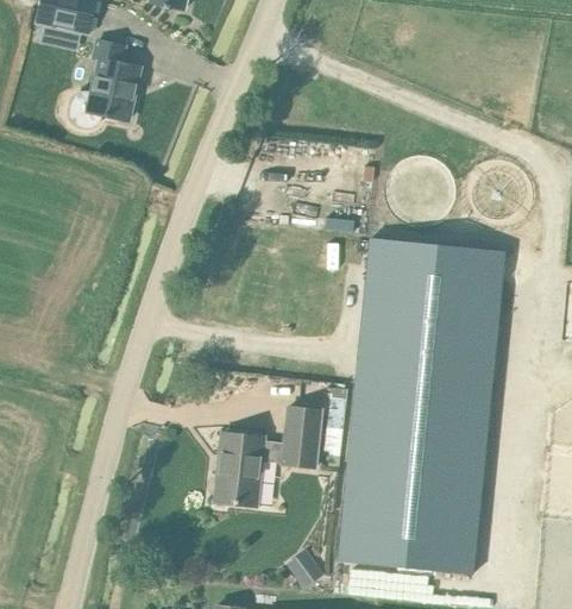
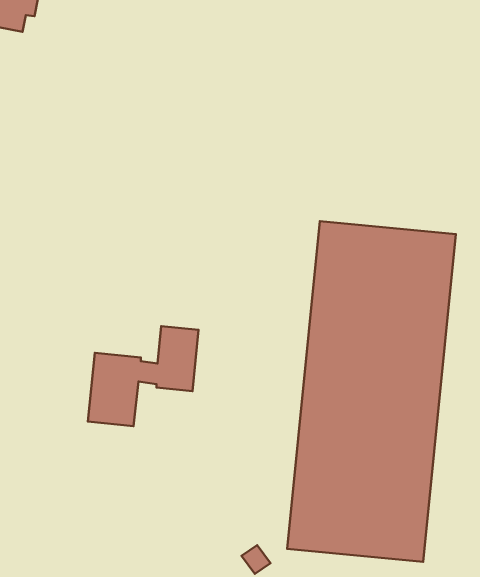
building: [68,39,139,127] -> none
building: [213,406,322,504] -> [88,326,199,426]

